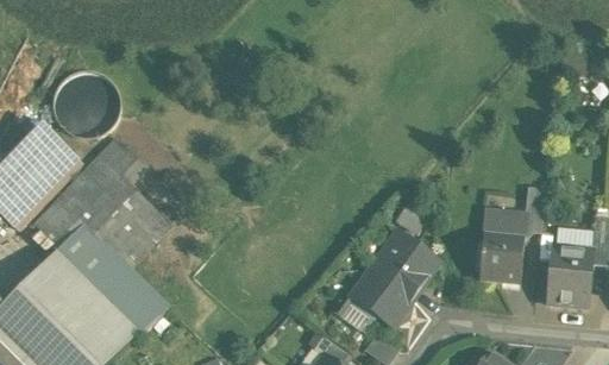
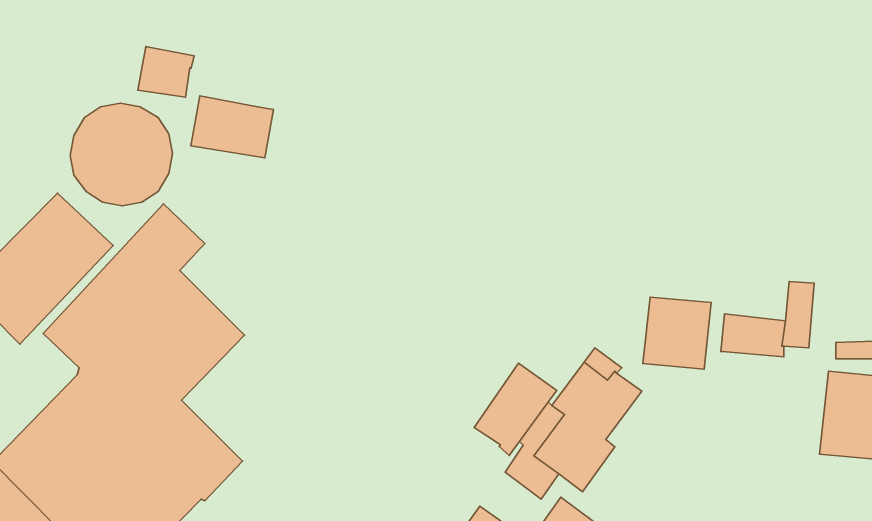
building: none -> [138,46,194,97]
building: none -> [191,96,273,158]
building: [479,234,525,282] -> [643,297,711,369]
building: none -> [474,363,557,455]

